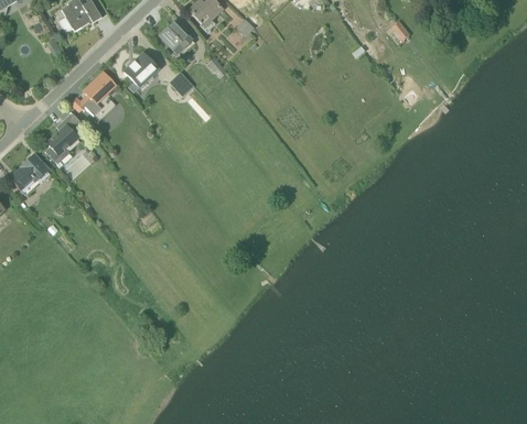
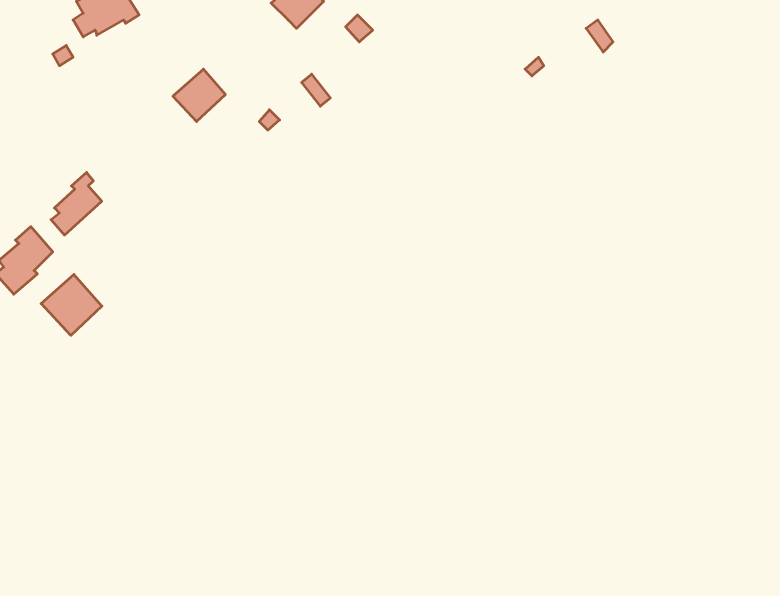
building: [160,19,193,53] -> none
building: [72,70,117,115] -> none
building: none -> [41,274,102,335]

